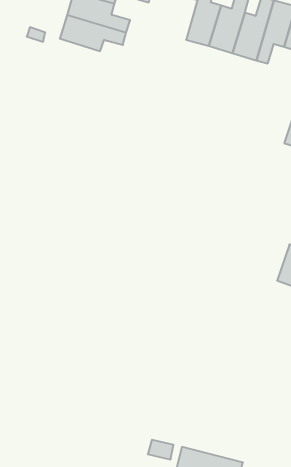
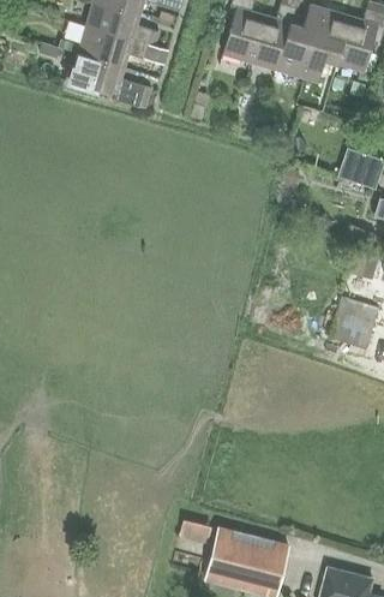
building: none -> [70,53,154,111]

